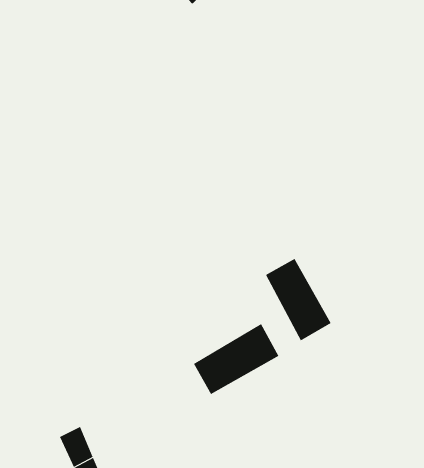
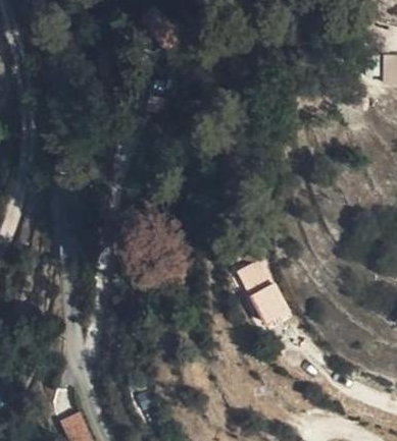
building: [193,323,279,395] -> none

